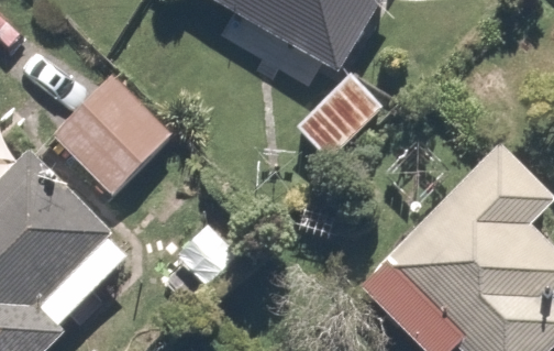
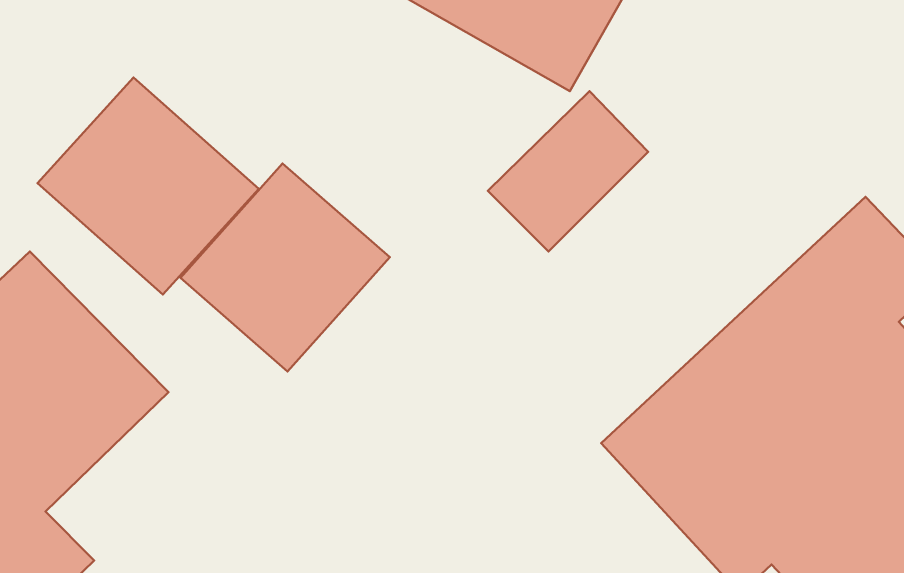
building: none -> [181,163,390,372]

